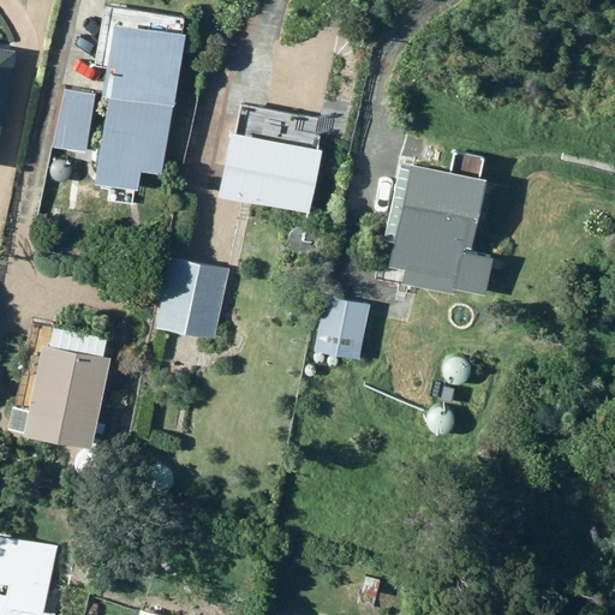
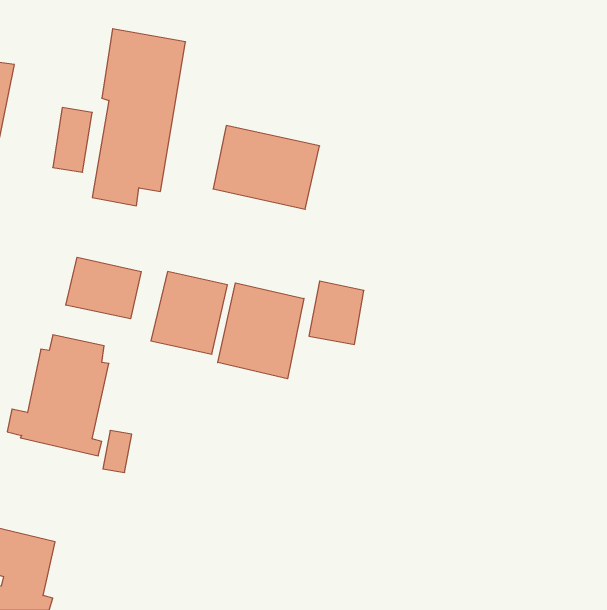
building: [380,142,483,280] -> none
building: none -> [66,257,141,319]
building: none -> [218,283,304,379]

